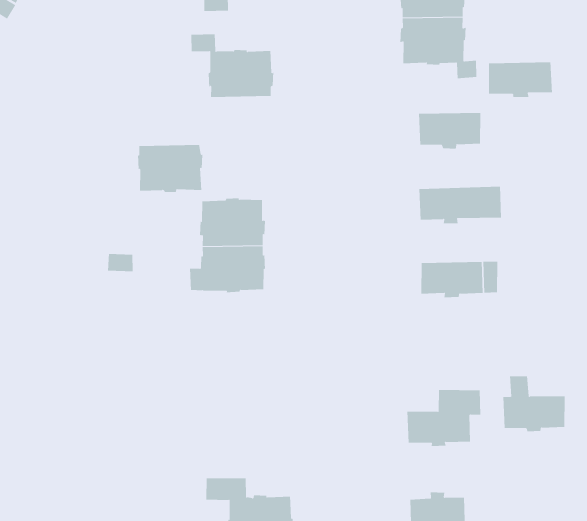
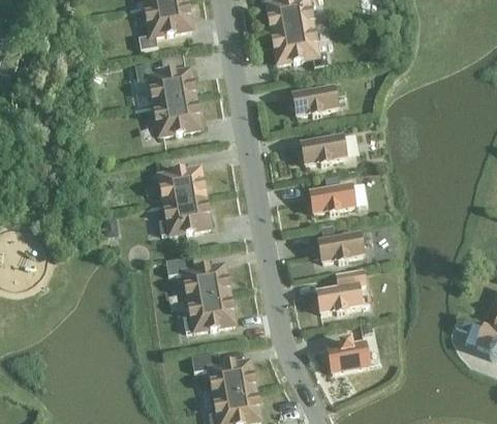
building: [488,62,552,98] -> none
building: [137,145,203,193] -> [153,98,199,135]
building: none -> [164,256,234,332]
building: [503,376,566,432] -> [317,224,362,262]

